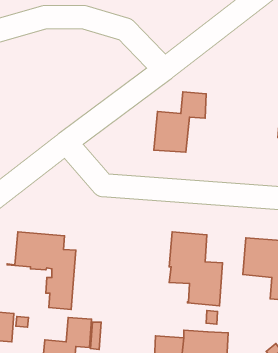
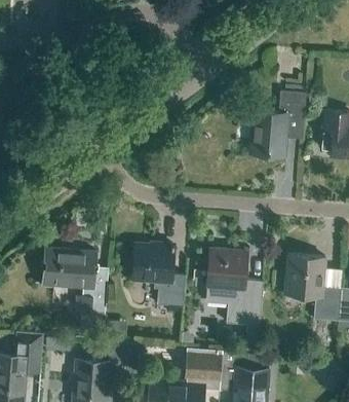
building: [154,92,206,152] -> [250,92,306,155]
building: none -> [133,245,187,307]

